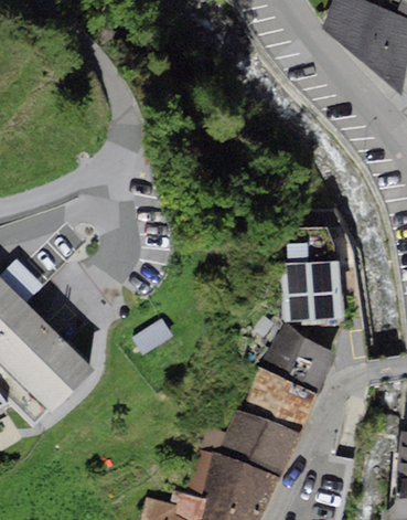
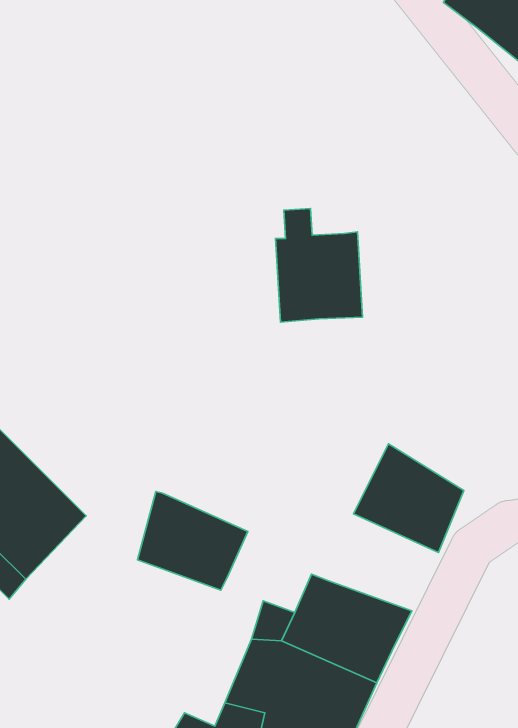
building: [286,244,343,319] -> [276,208,362,322]
building: [246,367,319,432] -> [137,491,248,590]

